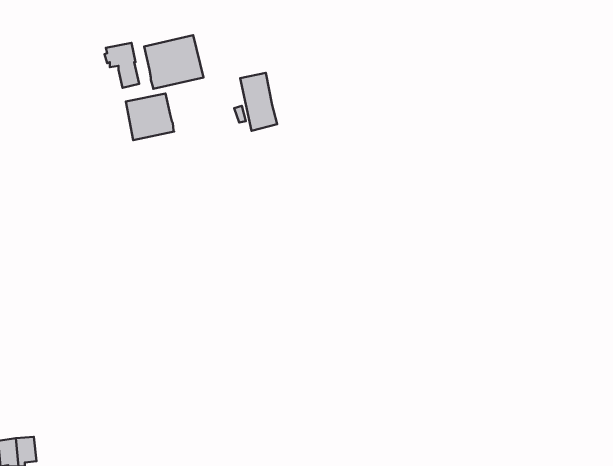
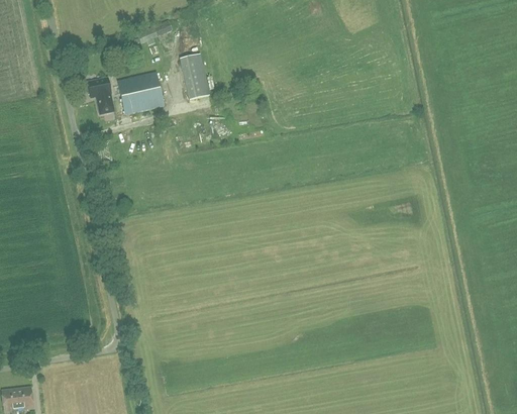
building: [240,73,277,131] -> [180,54,209,99]
building: [126,94,174,140] -> none

